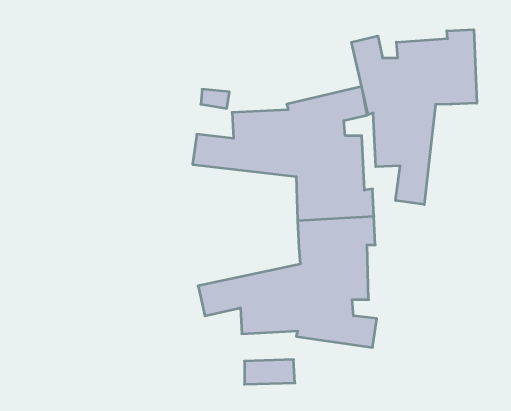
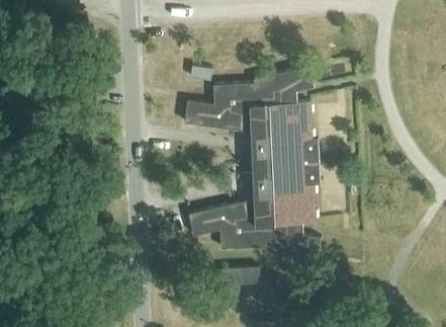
building: [351,30,477,205] -> none

